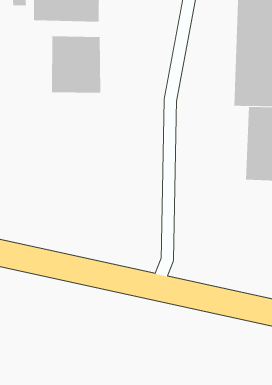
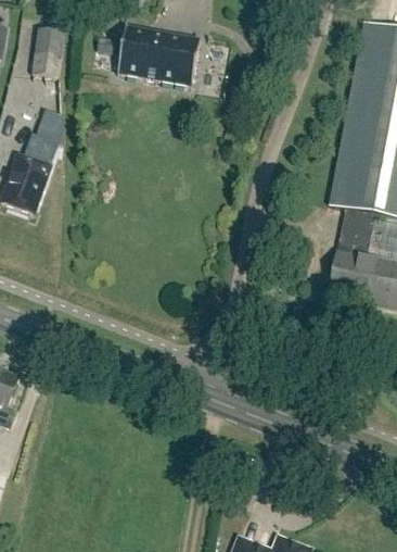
building: [51,36,101,94] -> none

